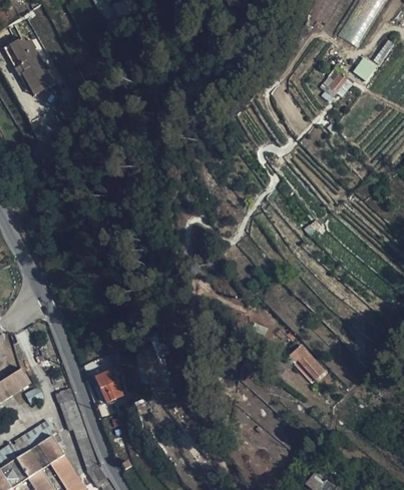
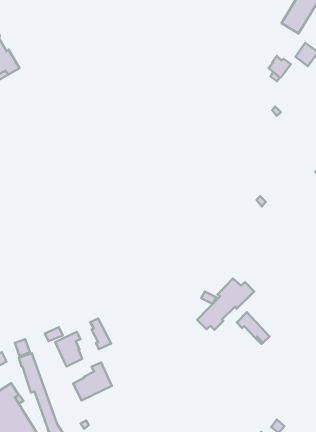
building: none -> [197,279,254,330]
building: none -> [90,318,111,349]
building: none -> [73,363,112,400]

